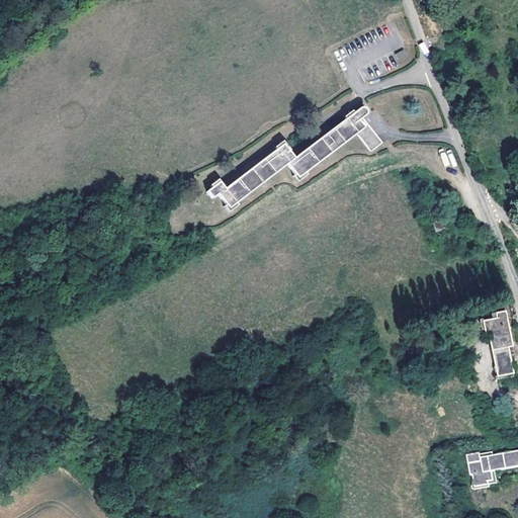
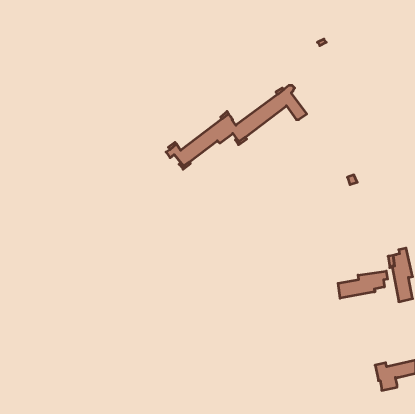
building: none -> [338,271,388,298]

